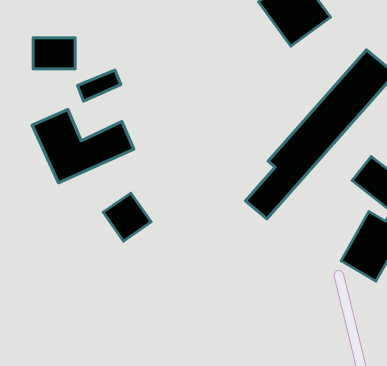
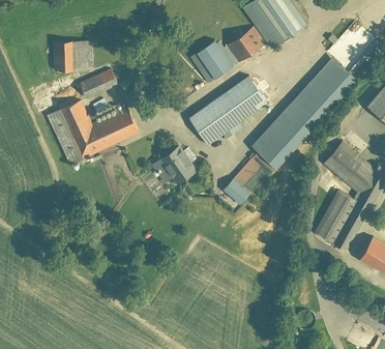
building: none -> [189,29,264,86]
building: none -> [189,79,264,144]
building: [103,193,151,241] -> [153,149,195,191]

